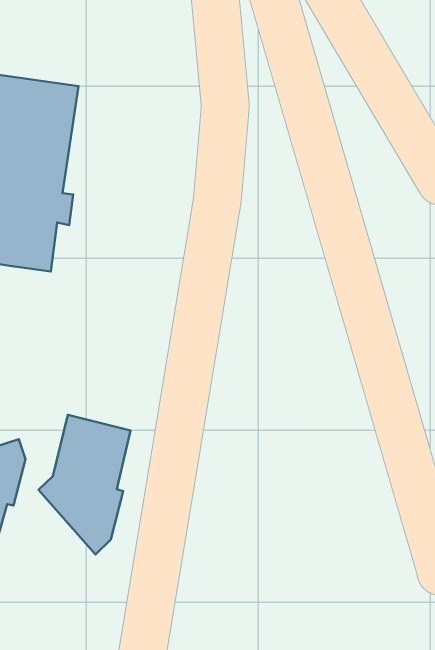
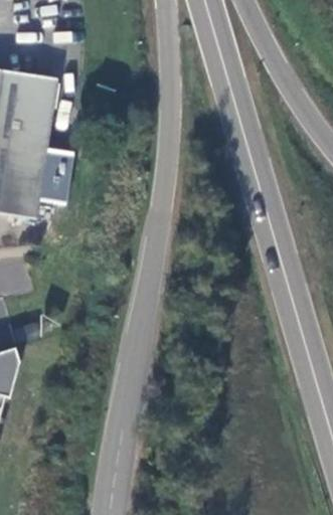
building: [38,415,131,555] -> none

